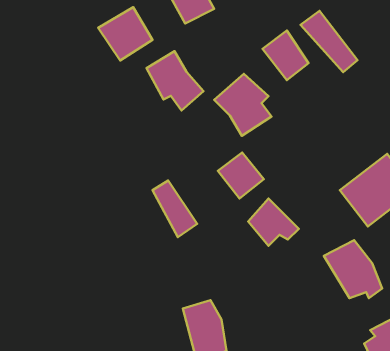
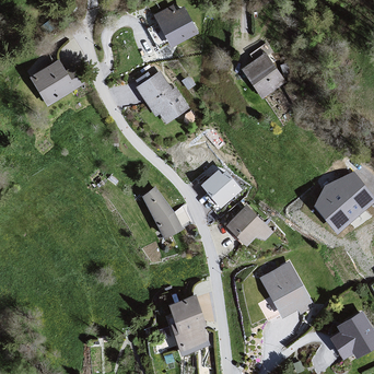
building: [98,7,153,60] -> [30,59,79,107]
building: [301,11,357,72] -> none
building: [214,74,271,136] -> none
building: [324,240,382,298] -> [260,264,313,316]

